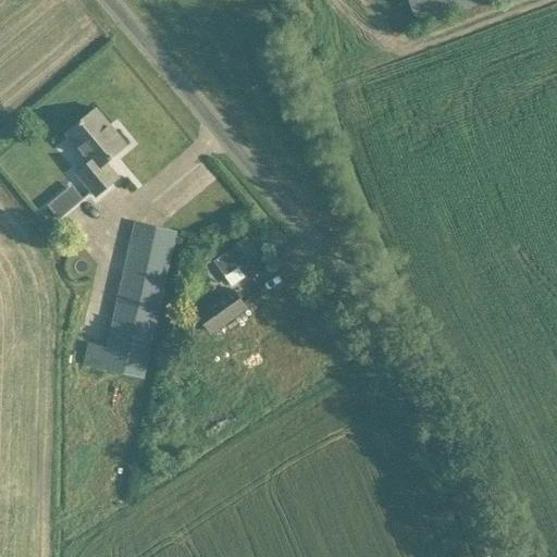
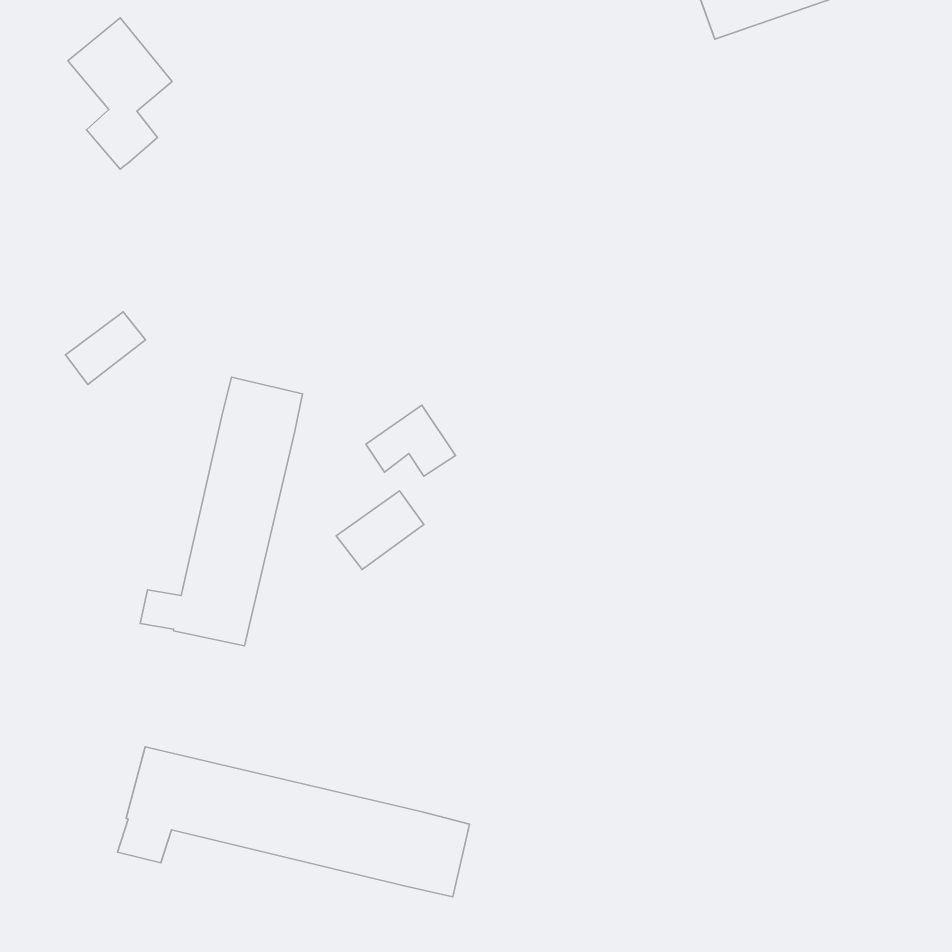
building: [65,107,126,195] -> [68,18,172,169]
building: none -> [118,747,470,897]

